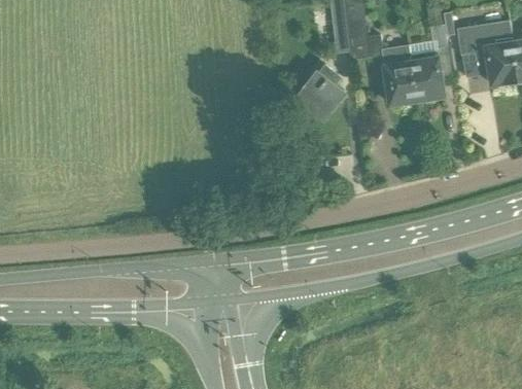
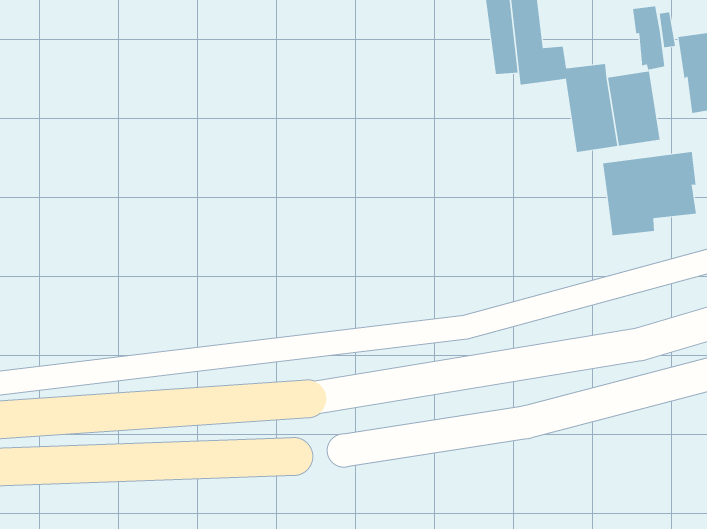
building: [295,64,346,119] -> none
building: none -> [603,151,696,236]

